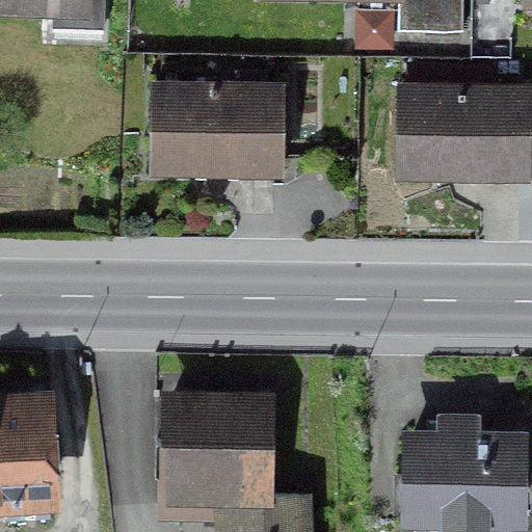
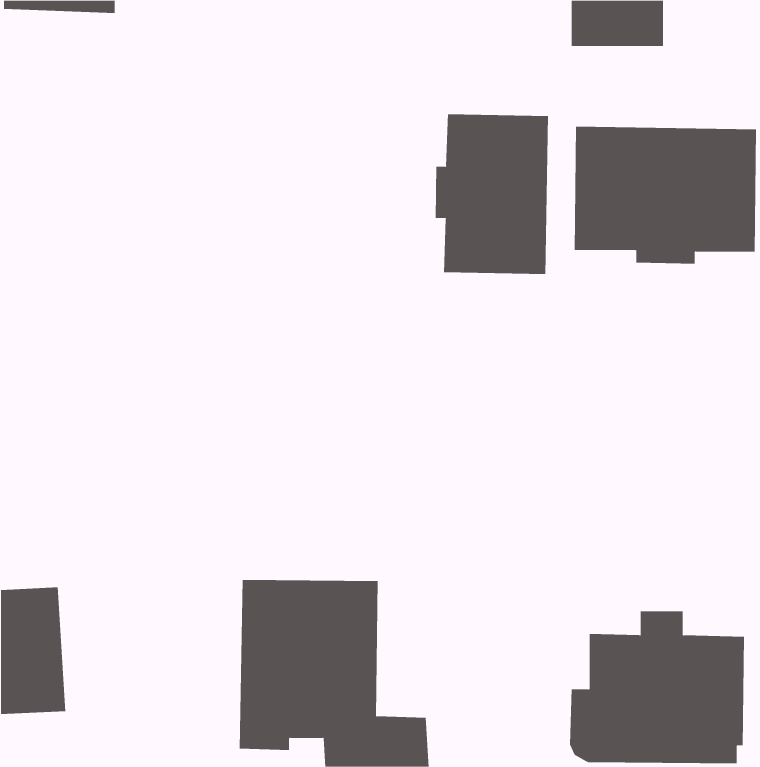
building: none -> [435,113,549,275]
building: [157,87,282,180] -> none

